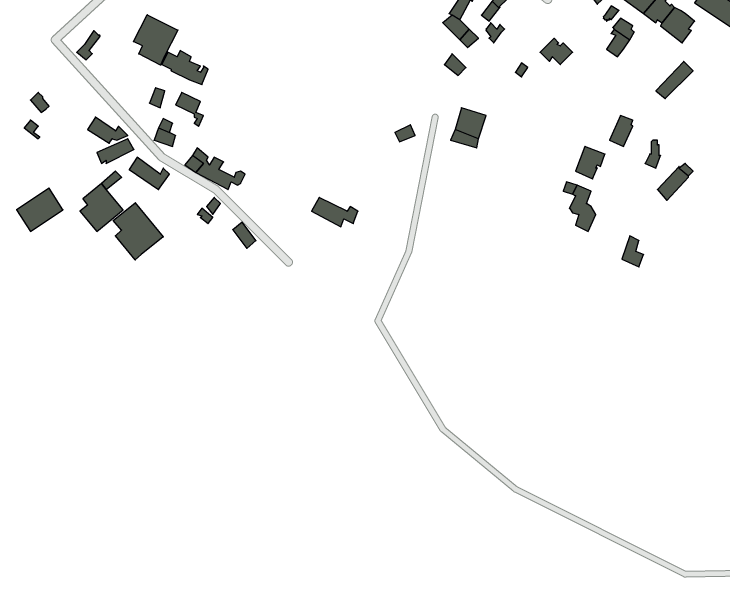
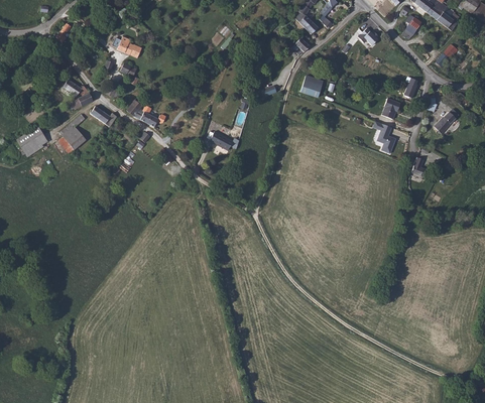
building: [133,15,178,65] -> none
building: [113,203,163,260] -> none

